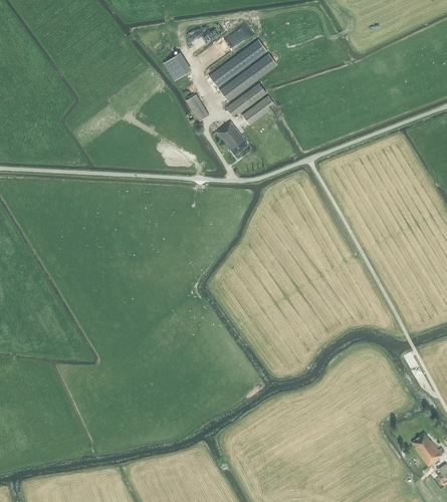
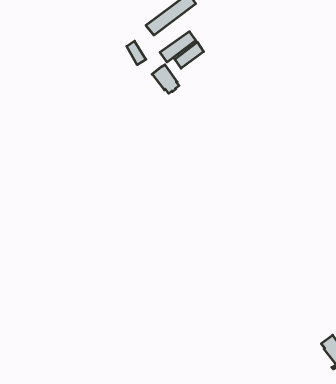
building: [163,52,190,80] -> none
building: [219,52,277,101] -> none

